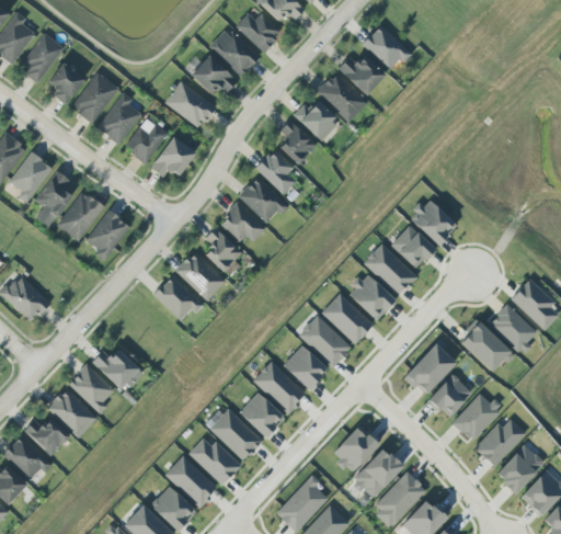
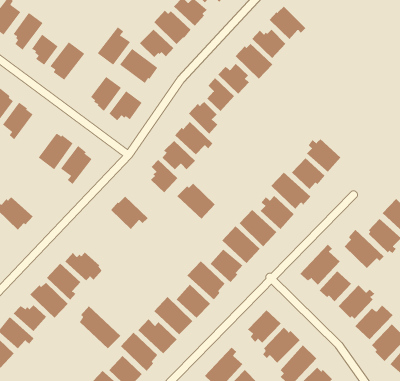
building: [96,92,141,144] -> [97,26,131,65]
building: [35,170,72,226] -> none
building: [174,252,226,300] -> [176,183,216,219]
building: none -> [79,306,121,349]

